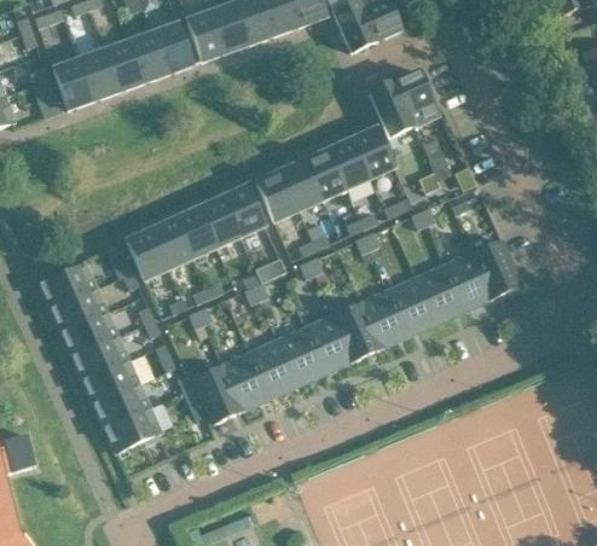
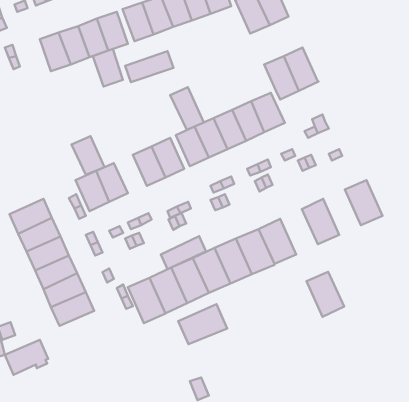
building: [53,58,94,109] -> none
building: none -> [93,49,123,86]
building: none -> [125,51,174,82]
building: none -> [170,87,204,130]
building: [175,207,218,256] -> [72,136,105,175]
building: [445,251,493,309] -> none
building: [389,277,437,335] -> [307,272,344,317]
building: none -> [161,236,206,269]
building: none -> [178,304,227,344]
building: [105,407,161,452] -> [5,340,48,375]

